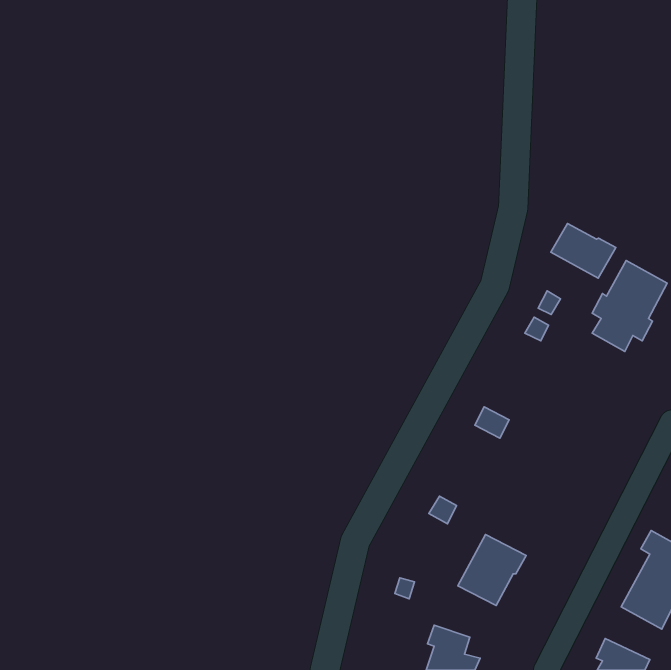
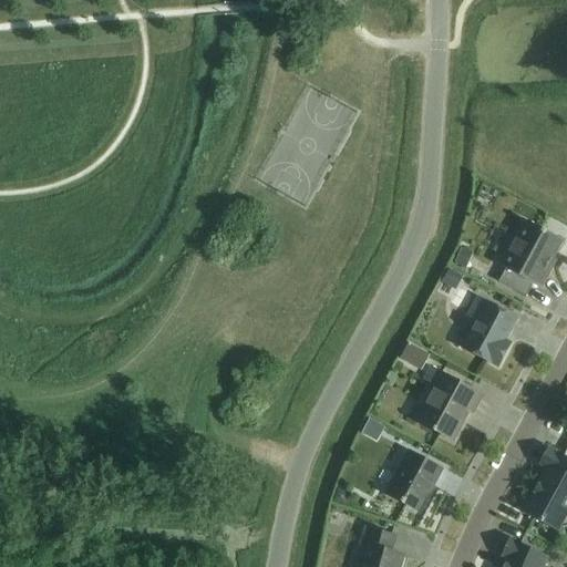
building: [551,223,616,278] -> none
building: none -> [464,296,518,365]
building: none -> [417,365,484,440]

